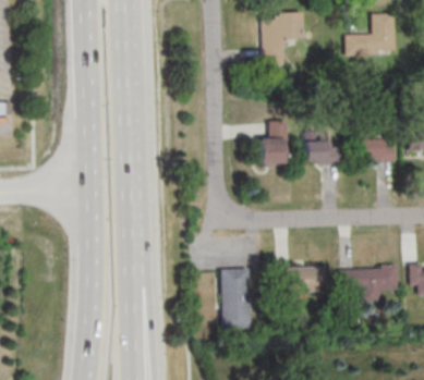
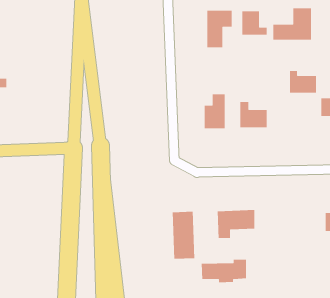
building: none -> [242,11,267,36]
building: [360,132,395,161] -> [289,70,317,94]
building: [340,263,398,294] -> [201,259,247,283]

